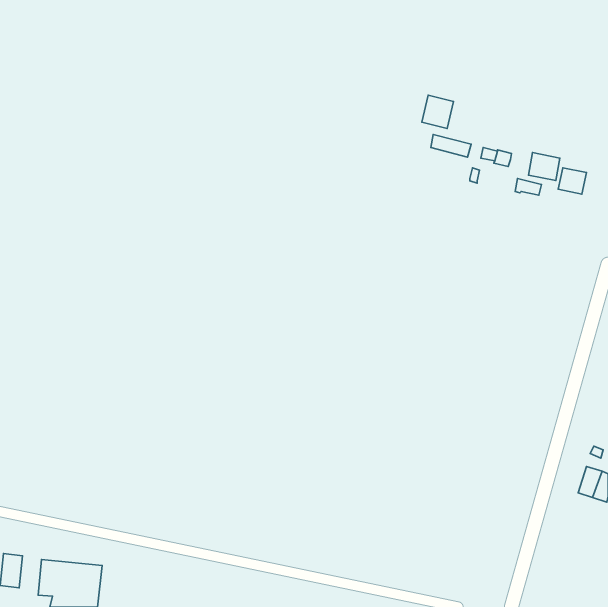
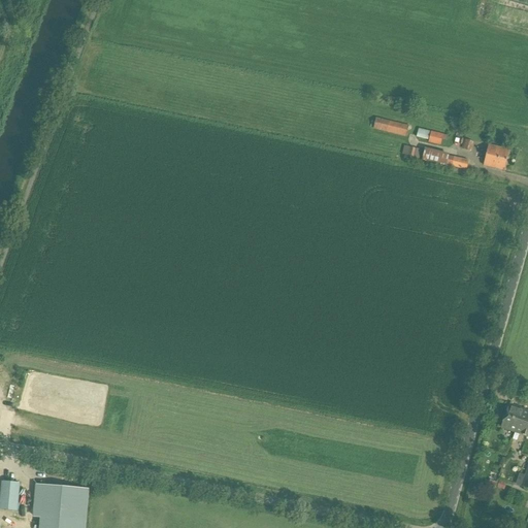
building: [422,95,454,128] -> none
building: [529,153,560,181] -> none

